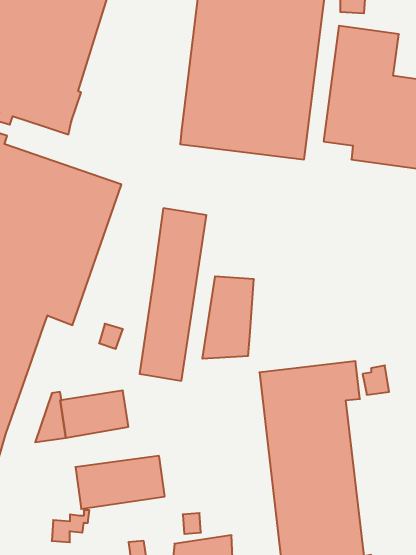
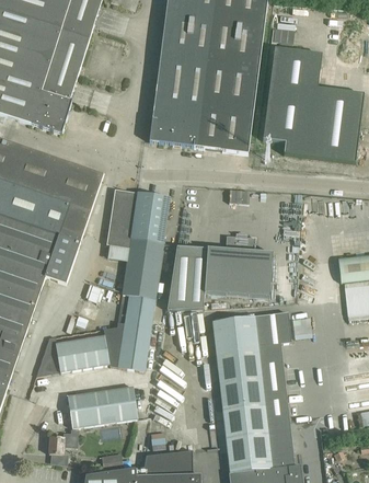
building: none -> [107,188,137,248]
building: none -> [205,232,273,296]
building: none -> [118,323,151,371]

